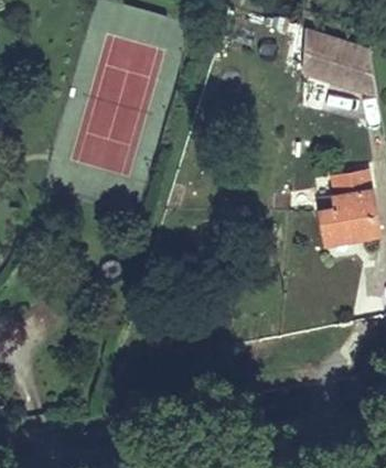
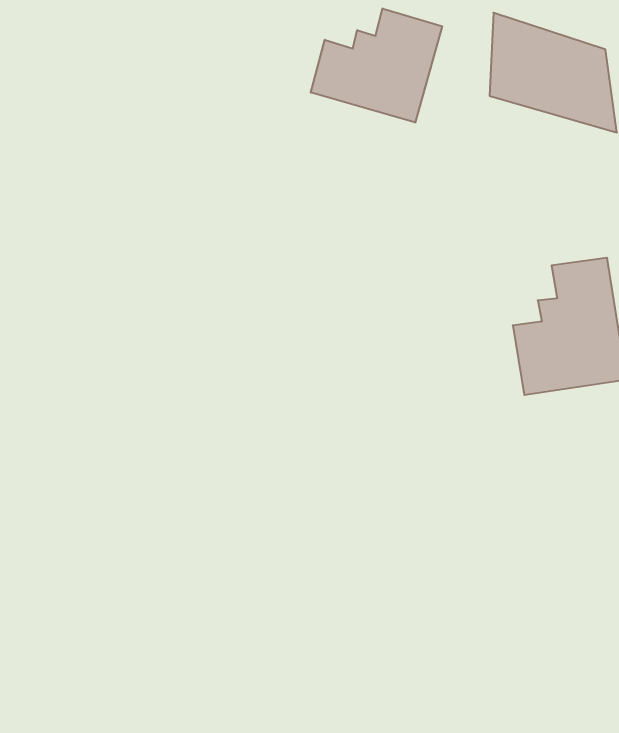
building: none -> [311,8,442,123]

